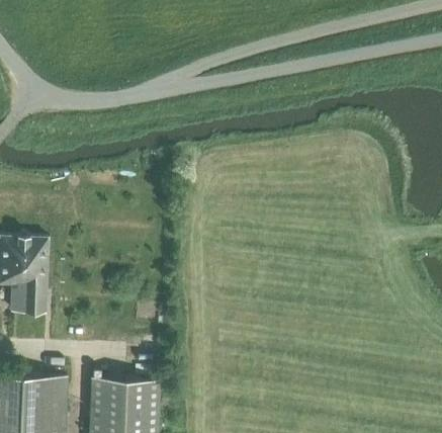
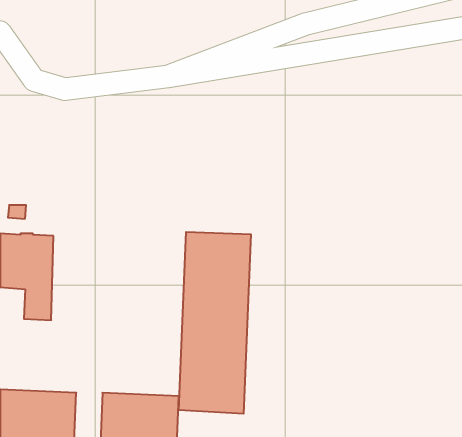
building: none -> [179,232,251,414]

